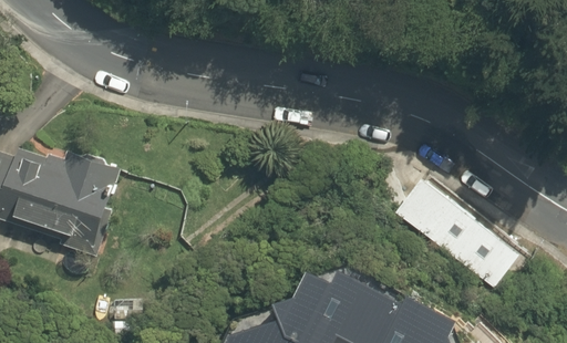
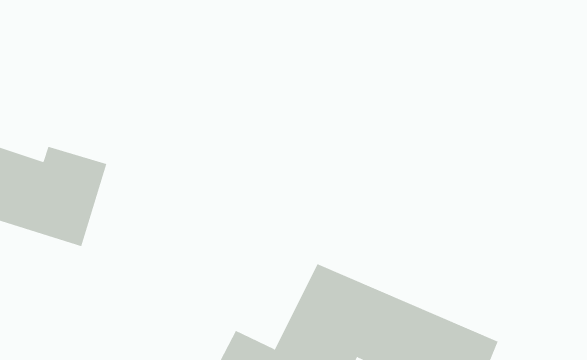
building: [392,169,517,294] -> none

